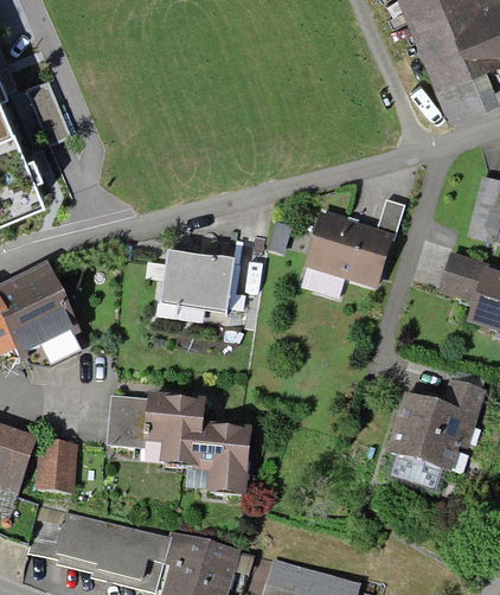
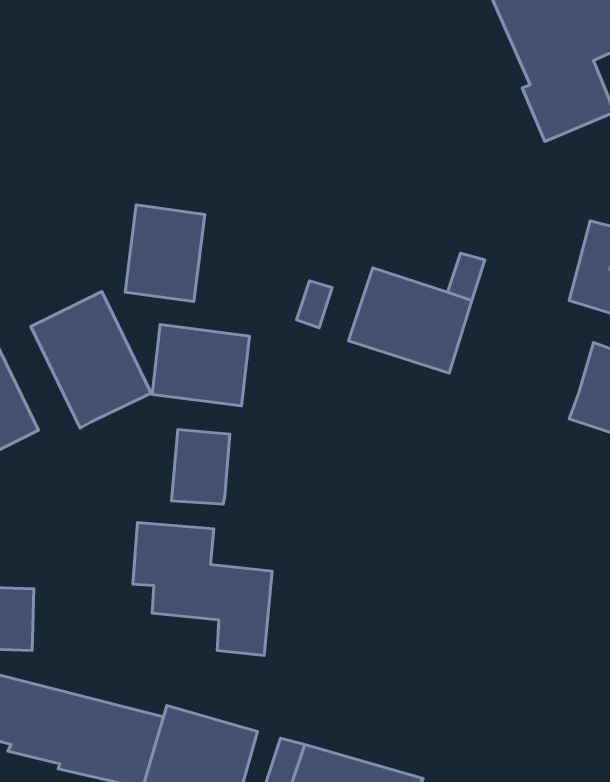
building: none -> [125,205,205,302]
building: none -> [31,292,151,428]
building: [438,250,485,301] -> none
building: [385,378,485,492] -> none
building: [108,392,150,447] -> [171,429,230,504]

